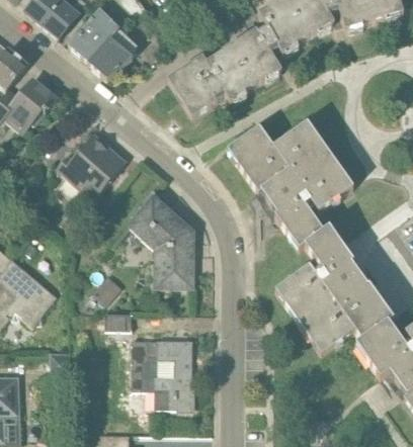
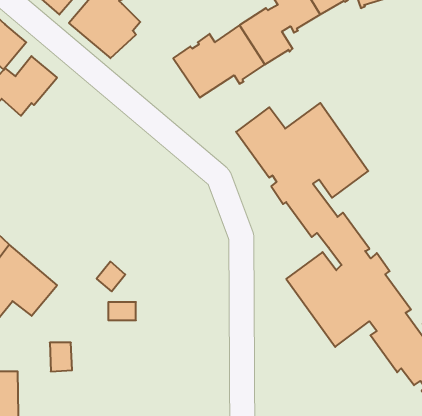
building: [56,125,126,198] -> none
building: [127,190,192,285] -> none
building: [132,338,194,407] -> none

